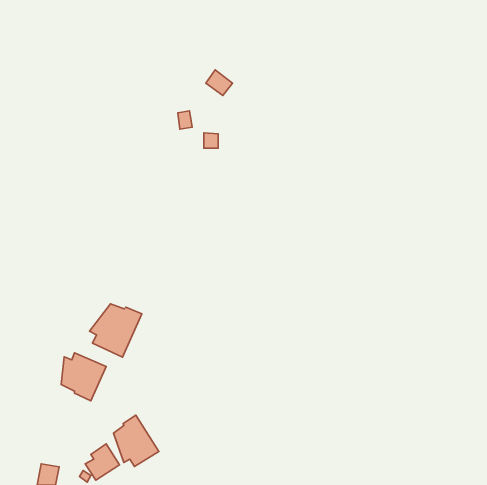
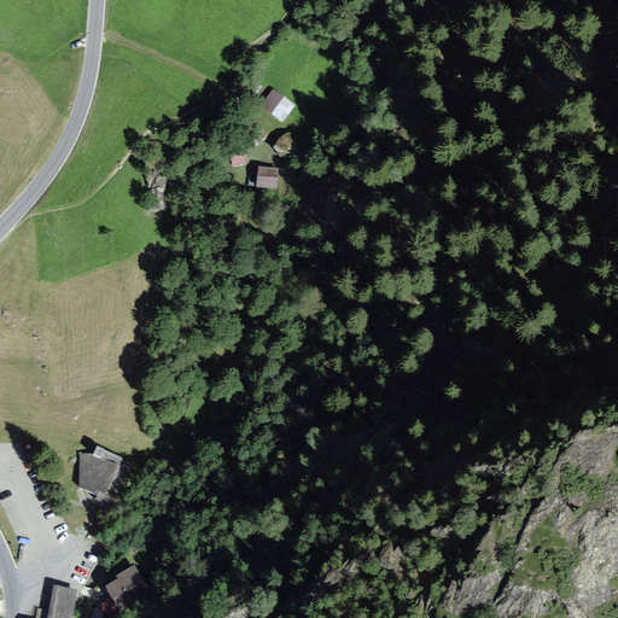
building: [89,304,142,357] -> none
building: [114,415,159,466] -> none

